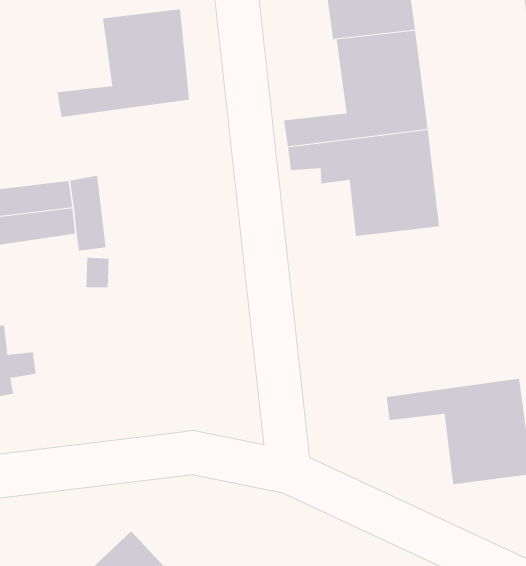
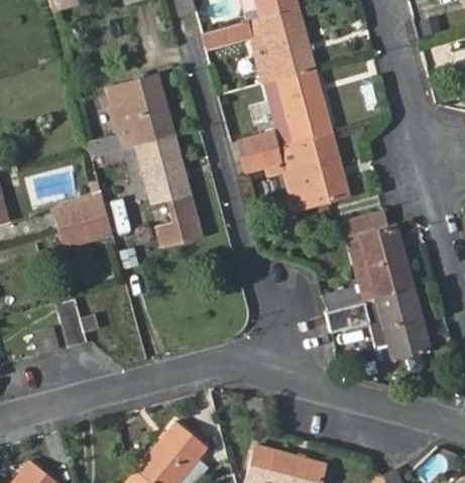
building: none -> [95,135,202,248]
building: none -> [324,210,415,312]

